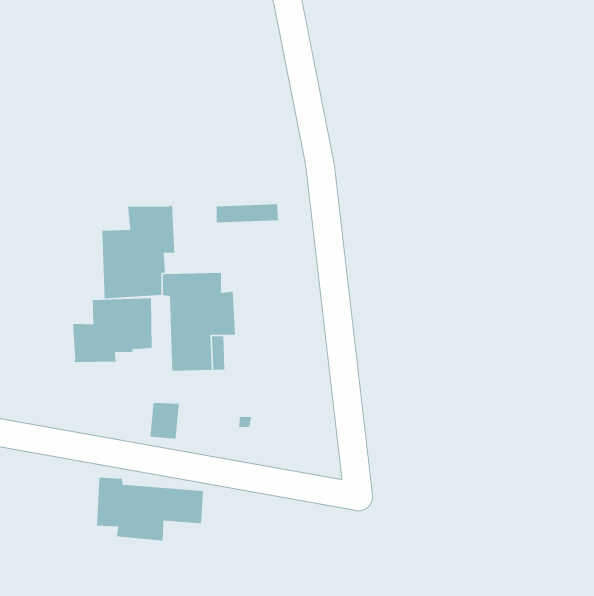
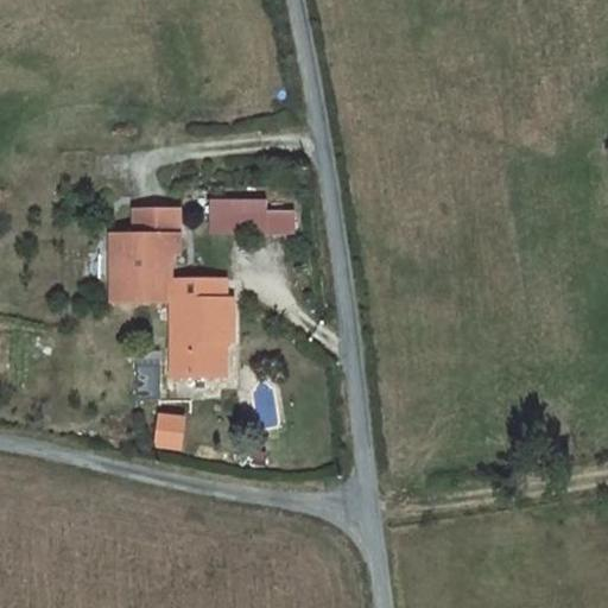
building: [72,298,152,363] -> none
building: [96,477,204,541] -> none

